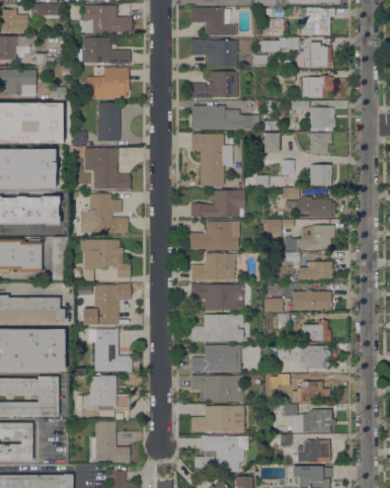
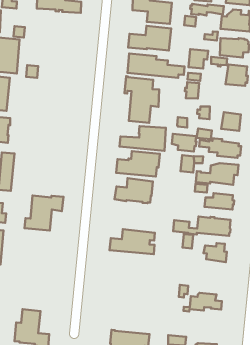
building: [87,68,130,99] -> none
building: [97,103,120,142] -> none
building: [310,134,331,155] -> [189,49,208,68]
building: [86,149,130,190] -> none
building: [84,194,128,234] -> none
building: none -> [172,134,196,151]
building: [81,240,131,282] -> none
building: [191,284,243,311] -> none
building: [88,329,132,372] -> none
building: [192,345,241,372] -> none
building: [274,345,330,371] -> none
building: [90,376,129,411] -> none
building: [191,376,243,402] -> none
building: [280,405,332,432] -> none
building: [191,407,244,433] -> none

